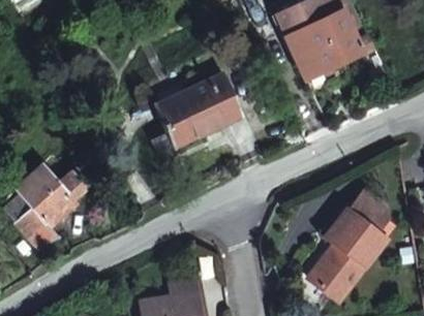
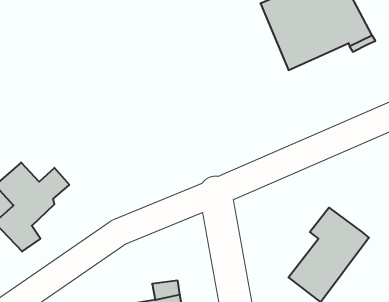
building: [147,75,237,158] -> none
building: [340,189,382,233] -> none

